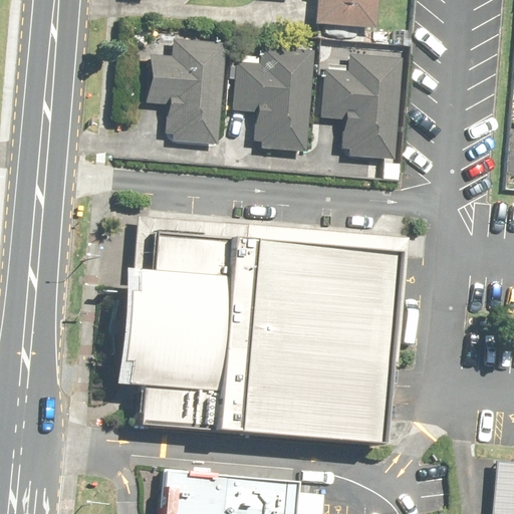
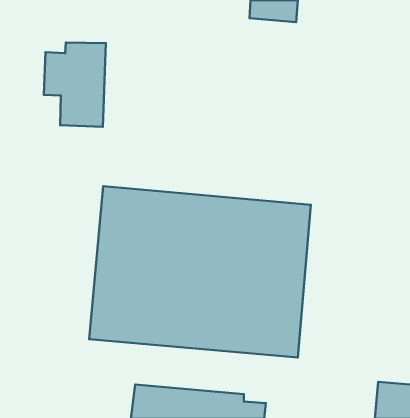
building: [148,43,224,147] -> [44,42,106,127]
building: [236,49,313,151] -> none
building: [321,56,401,164] -> none

